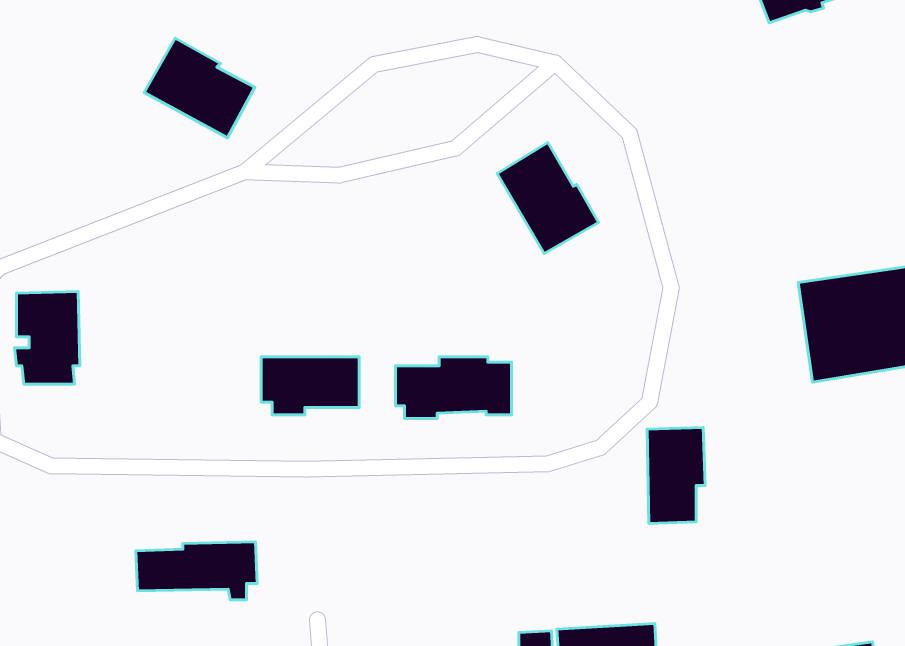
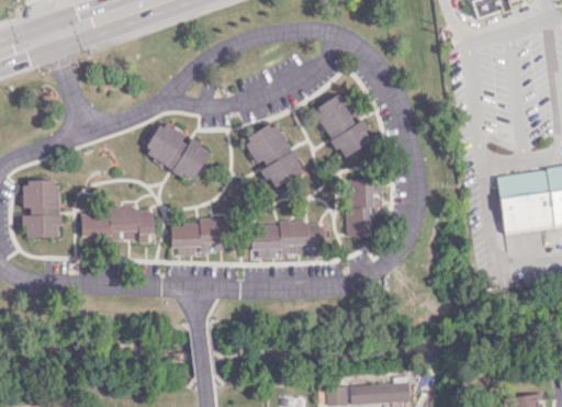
building: [144,38,255,138] -> [144,121,211,181]
building: none -> [246,123,303,189]
building: [647,427,705,524] -> [348,179,383,237]
building: [136,542,257,600] -> [81,208,155,244]

